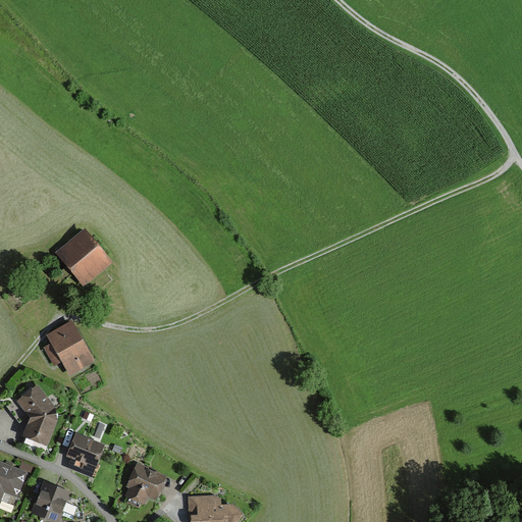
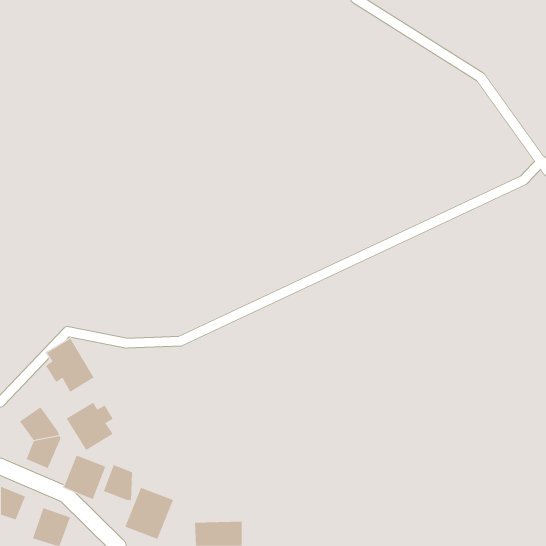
building: [57,231,108,282] -> none
building: none -> [66,402,114,451]
building: none -> [103,464,133,501]

